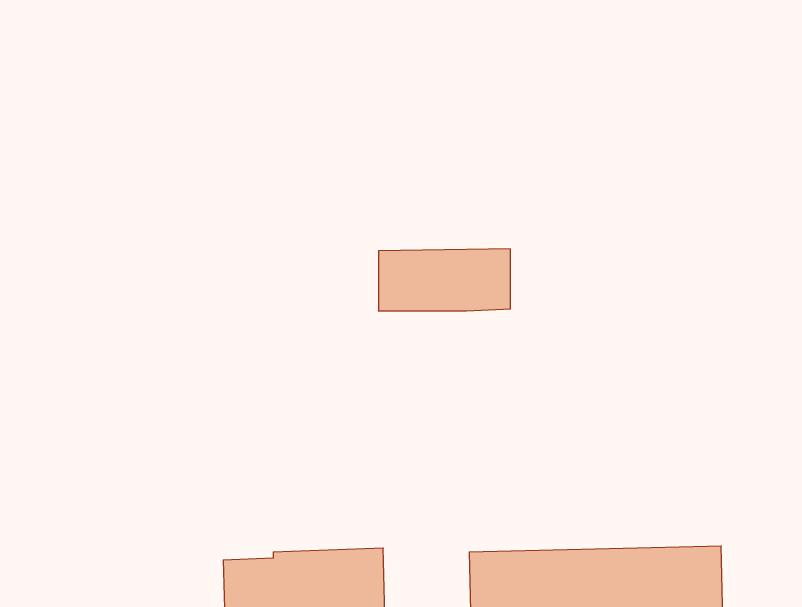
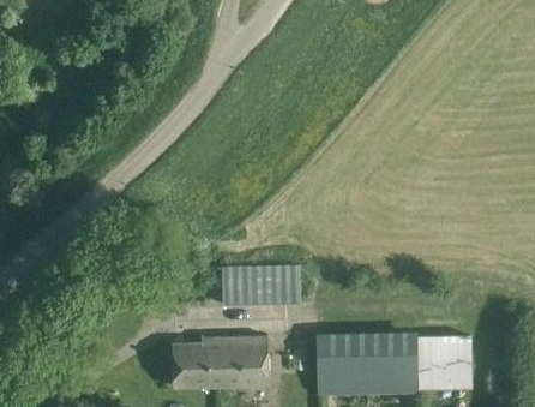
building: [378,249,510,311] -> [222,267,301,304]

